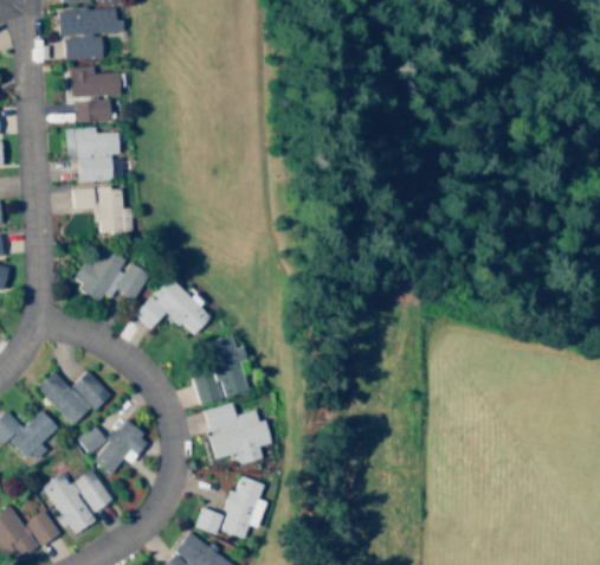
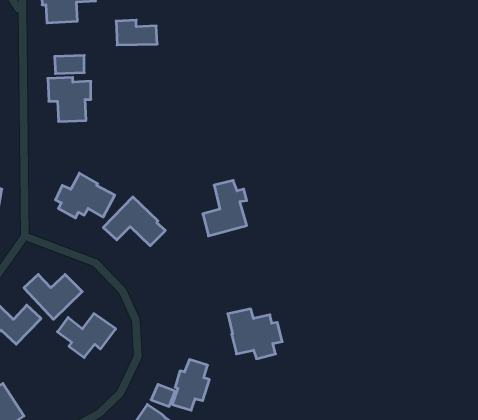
building: [70,65,121,96] -> [116,20,157,45]
building: [71,186,133,232] -> none
building: [193,335,247,404] -> [203,180,247,236]
building: [204,403,271,464] -> [228,309,282,359]
building: [40,469,112,534] -> none
building: [26,512,59,546] -> none

